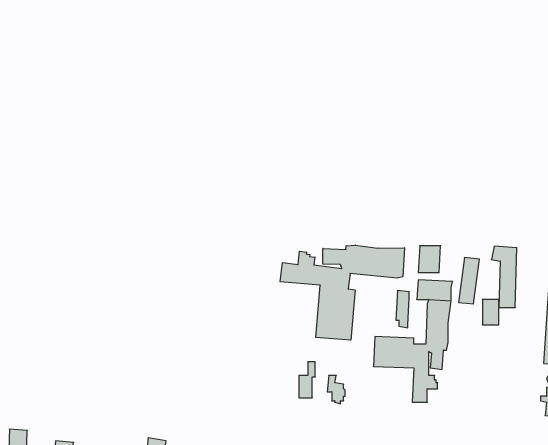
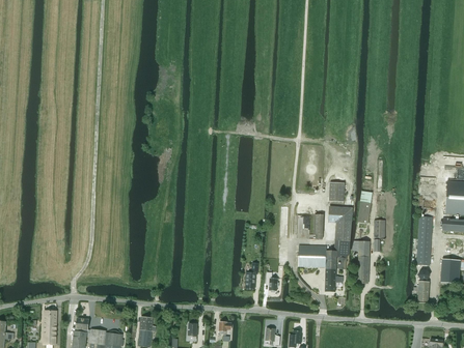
building: [280,245,404,340] -> none
building: [491,246,517,307] -> [352,240,370,283]

